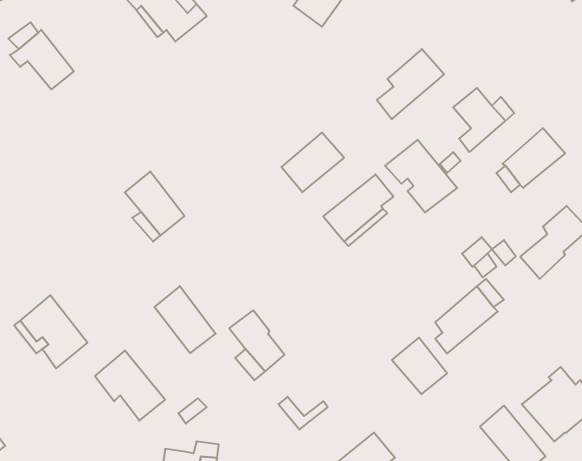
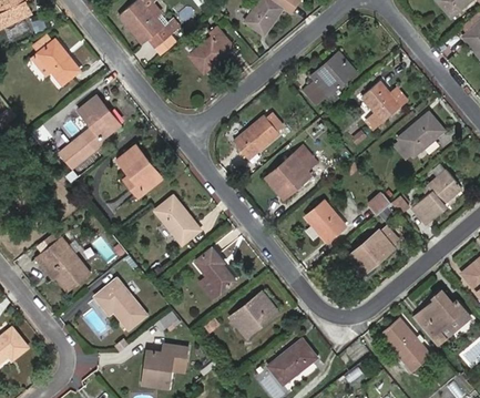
building: none -> [188,27,232,73]
building: none -> [60,95,119,167]
building: [385,140,457,212] -> none
building: [154,286,216,353] -> [154,194,200,244]
building: [392,338,447,394] -> [304,201,345,243]
building: none -> [237,293,277,326]

